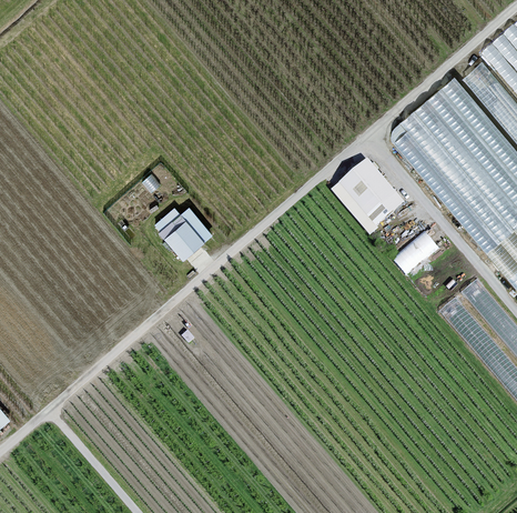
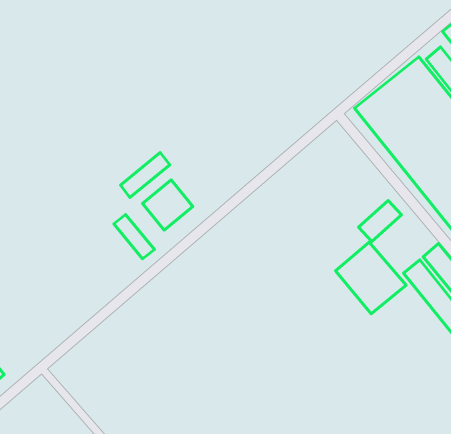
building: [331,160,407,238] -> [335,242,406,314]
building: none -> [121,153,170,197]
building: none -> [114,214,154,259]

